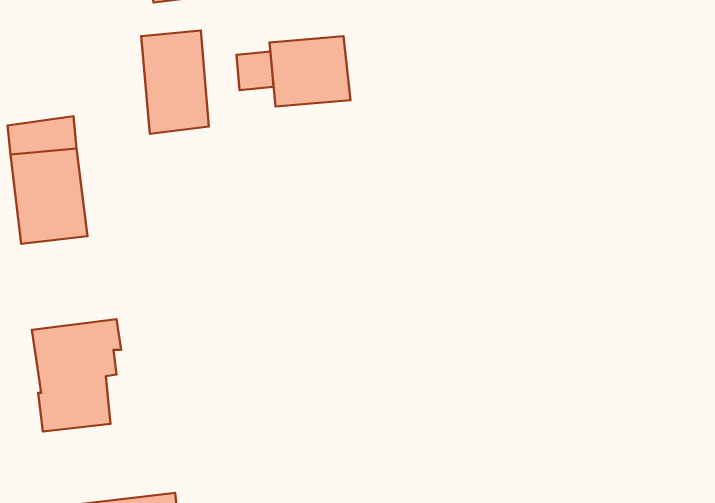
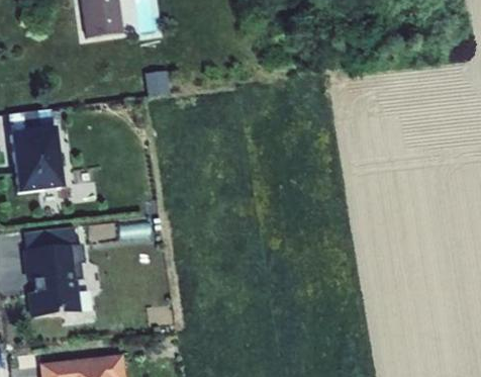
building: [141,31,209,134] -> none
building: [270,36,350,107] -> none

